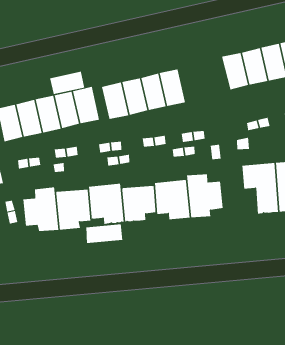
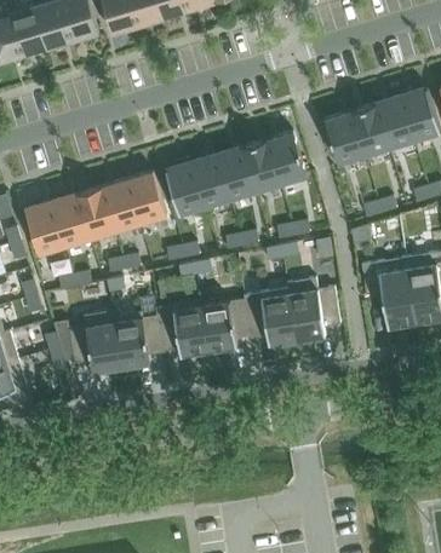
building: none -> [267,132,307,185]
building: [49,71,85,95] -> none
building: [86,224,123,244] -> none

